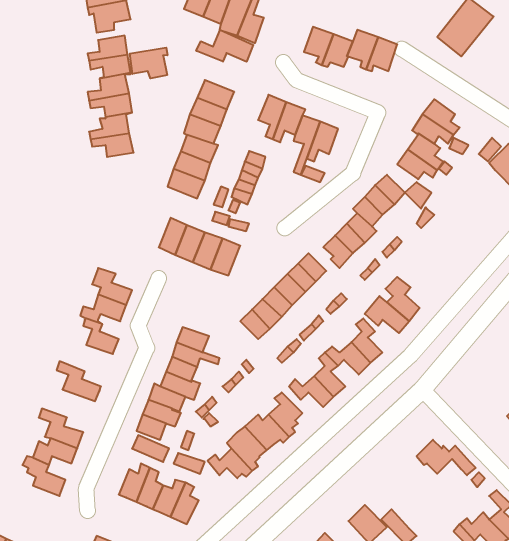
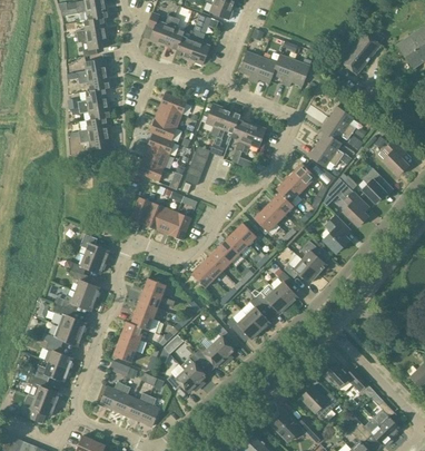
building: [196,30,253,62] -> none
building: [130,48,167,78] -> none
building: none -> [362,168,386,204]
building: none -> [343,192,368,226]
building: none -> [323,215,349,253]
building: none -> [56,292,96,312]
building: none -> [42,325,82,346]
building: none -> [300,385,338,419]
building: none -> [24,395,56,423]

